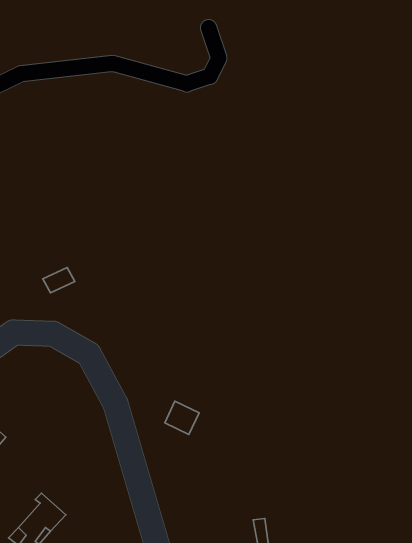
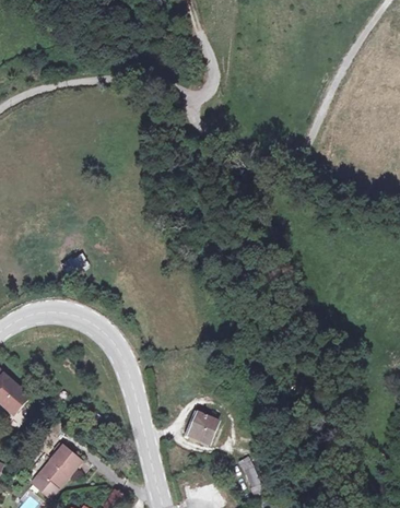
building: [165,401,199,434] -> [188,413,217,441]

